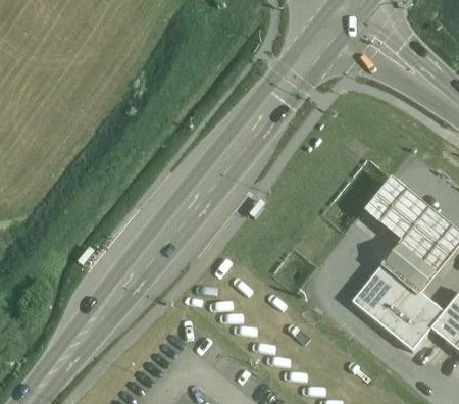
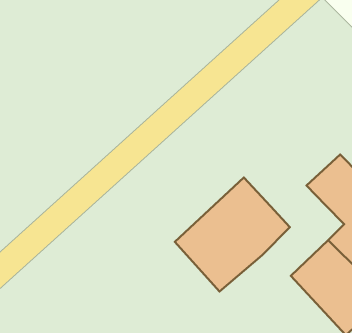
building: none -> [175,178,290,291]

